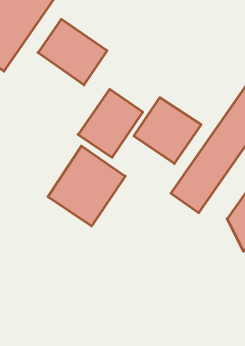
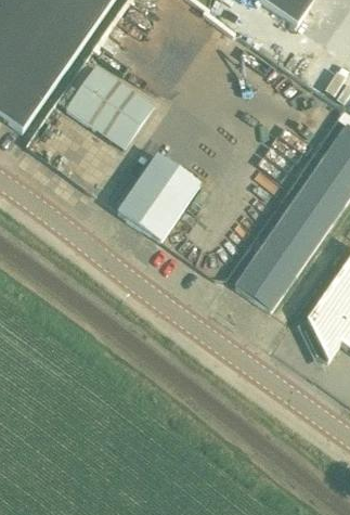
building: [134,98,201,164] -> none
building: [48,146,125,226] -> none

